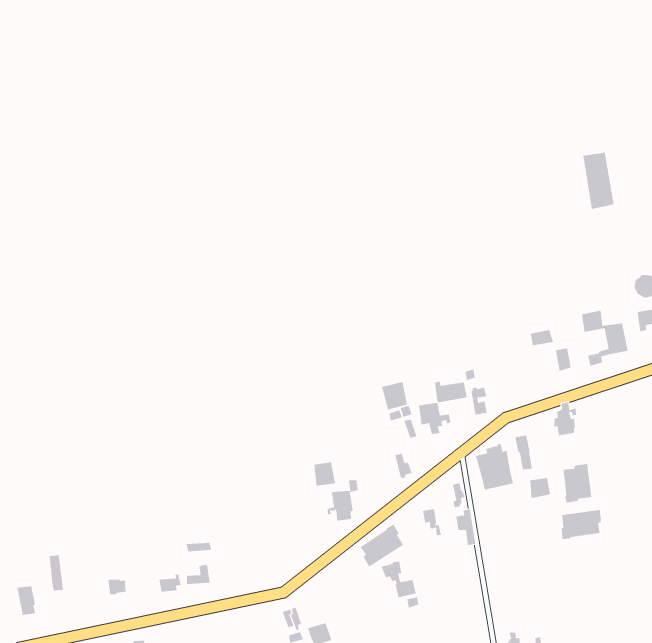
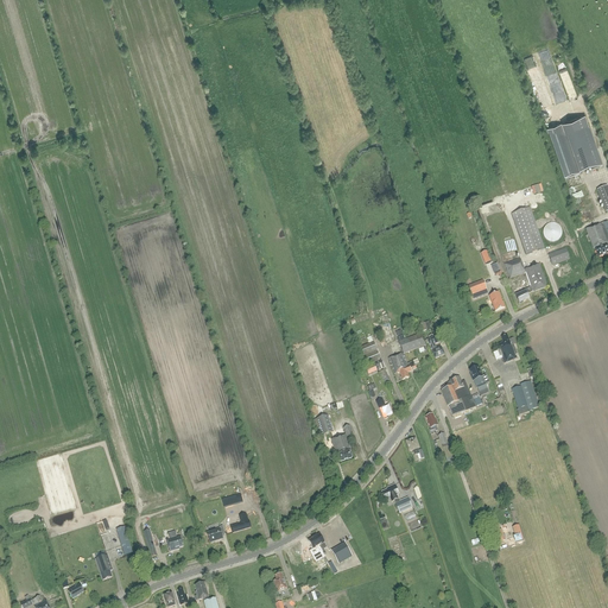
building: [583,152,614,209] -> [512,205,544,253]
building: [561,509,602,540] -> none
building: [360,524,404,567] -> none

